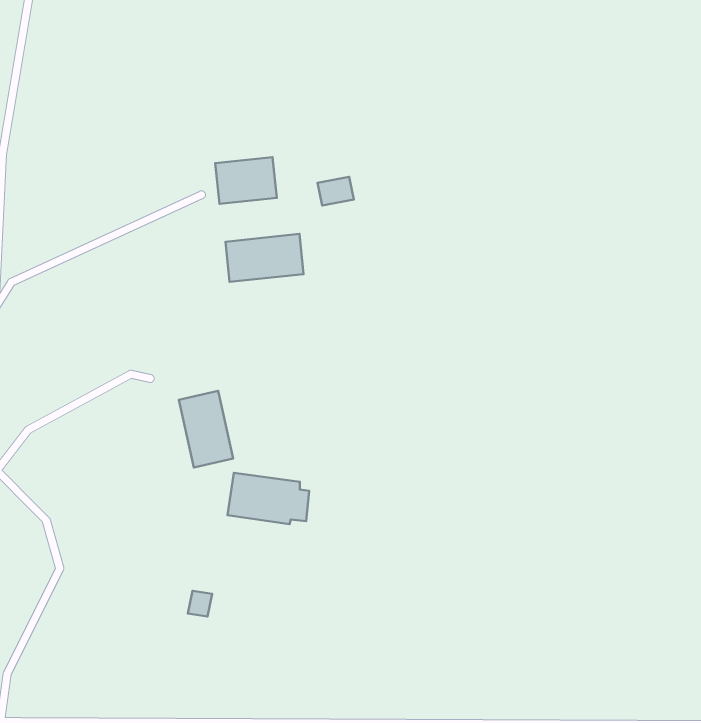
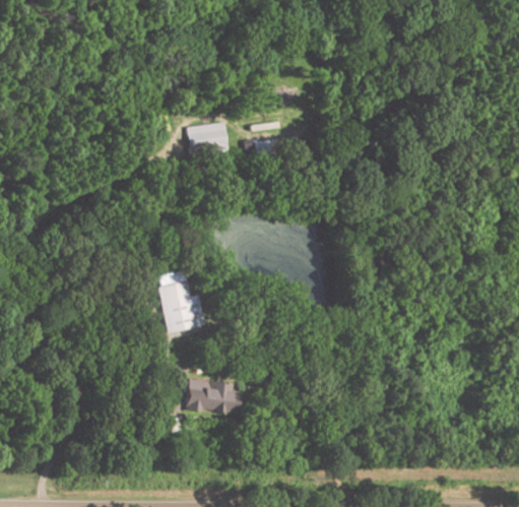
building: [226,234,303,282] -> none
building: [228,473,309,524] -> [183,379,238,414]

